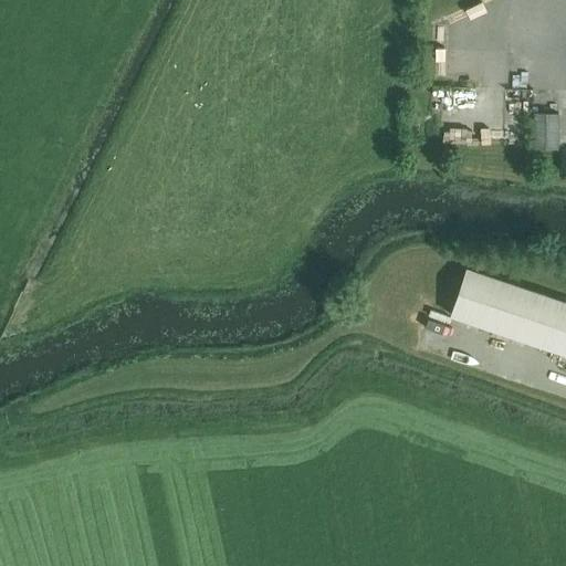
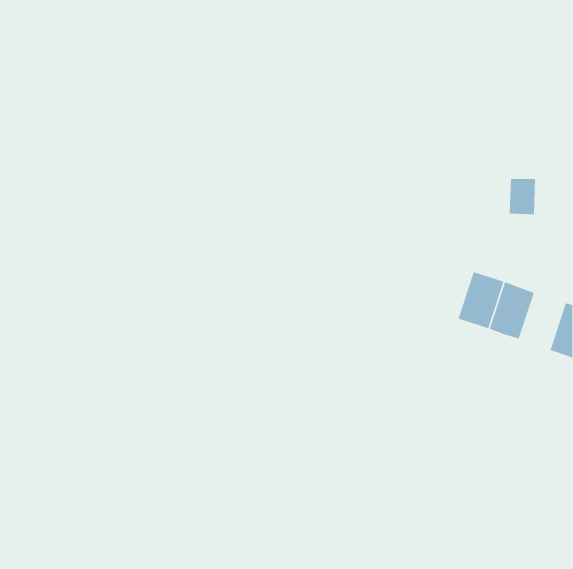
building: [532,115,558,151] -> [509,178,536,215]
building: [512,292,557,349] -> none

